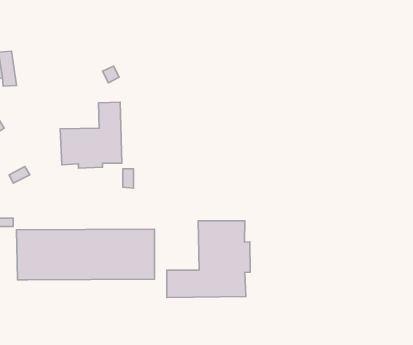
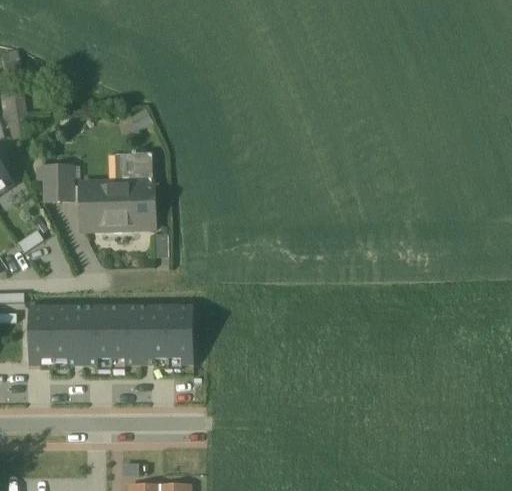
building: none -> [44,165,73,200]
building: [167,221,250,298] -> none

